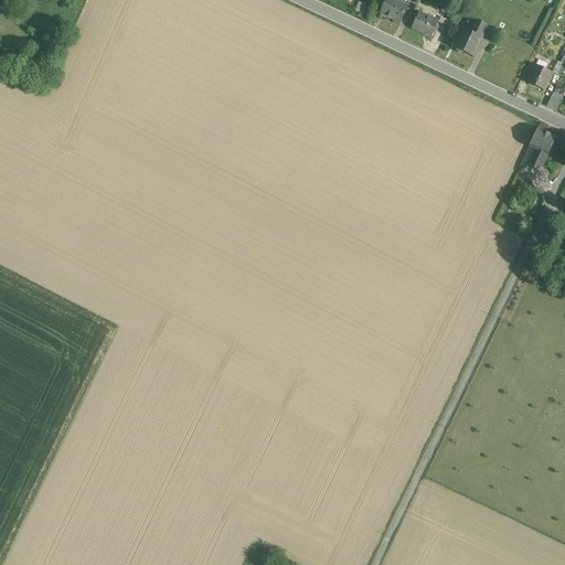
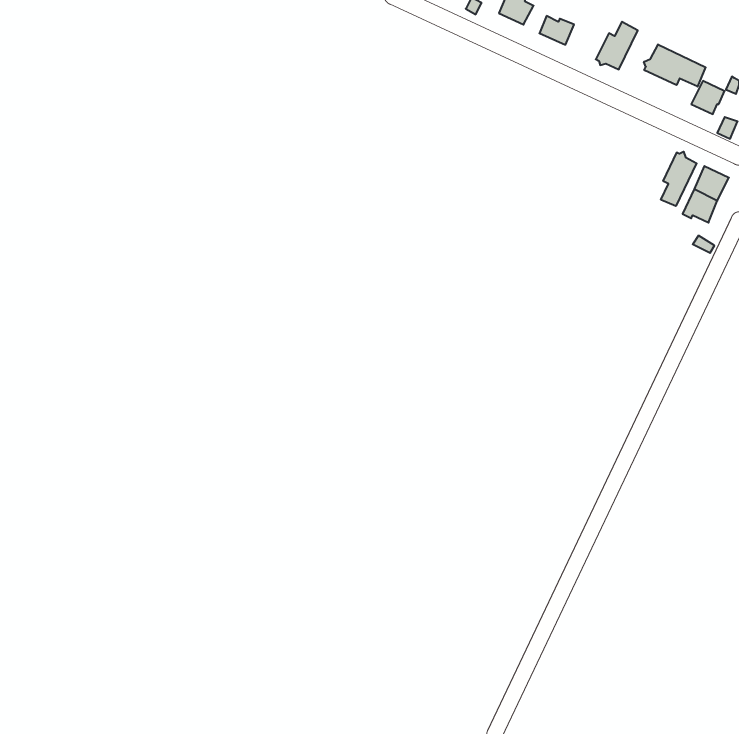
building: none -> [644,44,706,87]
building: none -> [661,152,697,206]

